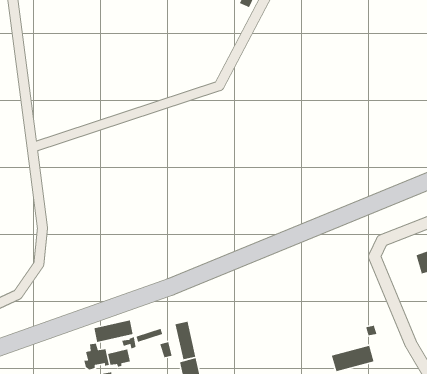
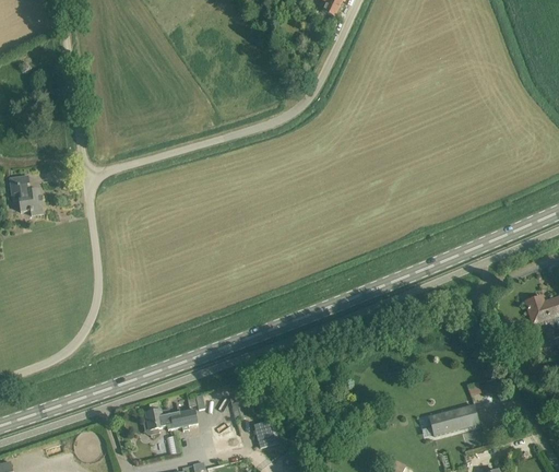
building: [93,320,134,343] -> none
building: [175,321,196,360] -> none

